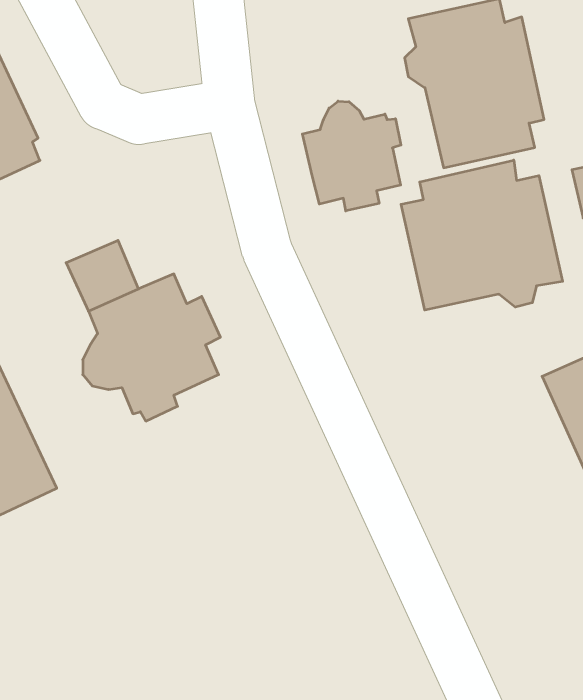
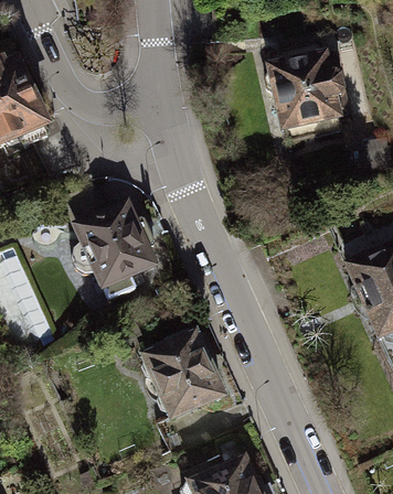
building: [302,101,401,211] -> none
building: [401,160,563,310] -> none
building: none -> [145,325,221,412]

